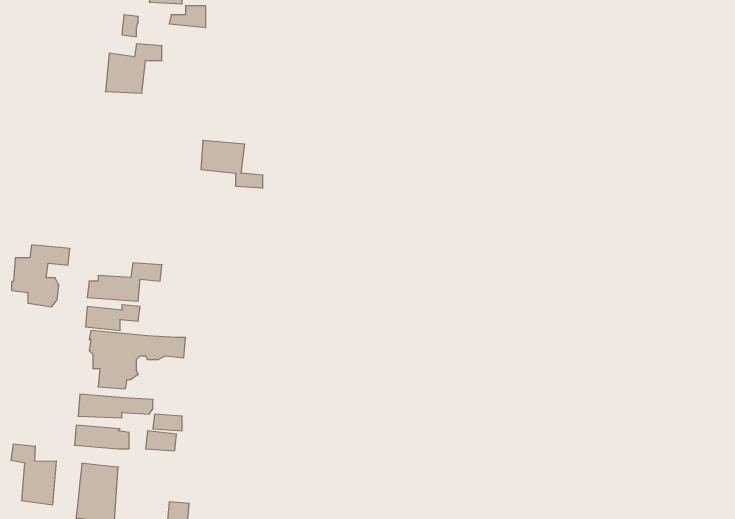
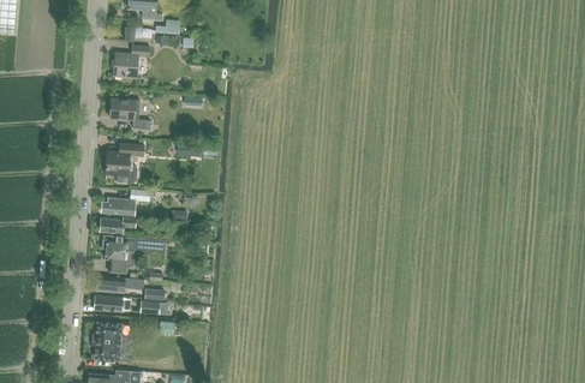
building: [201,140,263,188] -> [111,98,151,130]
building: [12,245,70,307] -> [106,143,144,184]
building: [11,444,56,505] -> none

